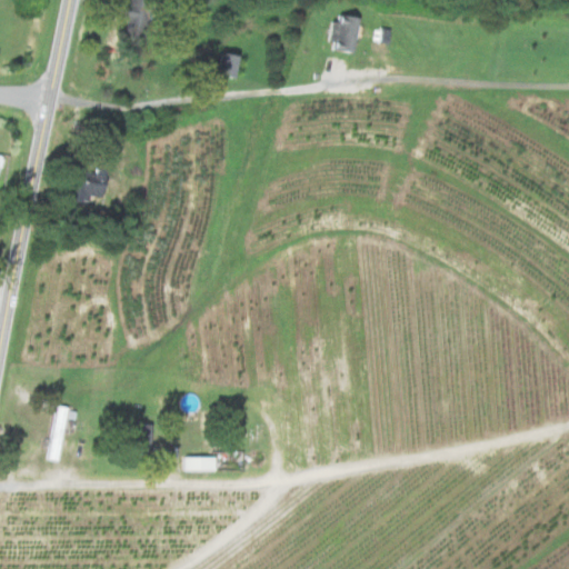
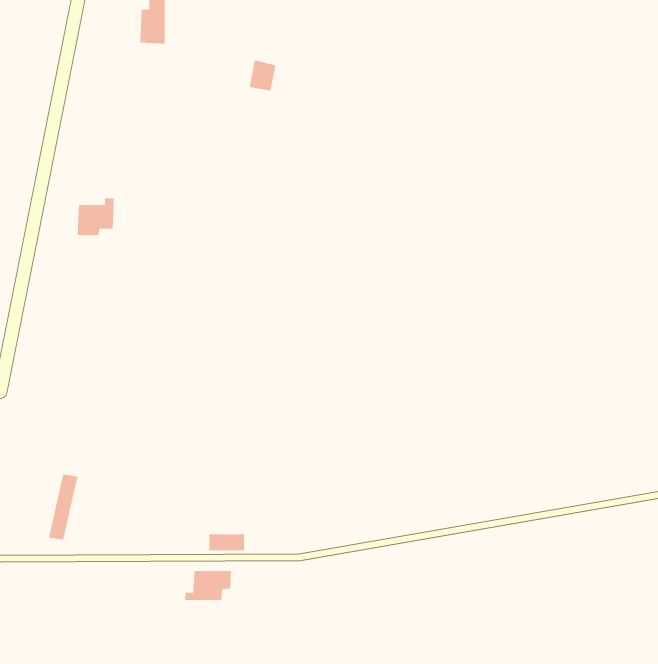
building: [331,16,360,51] -> none
building: none -> [185,570,232,601]

